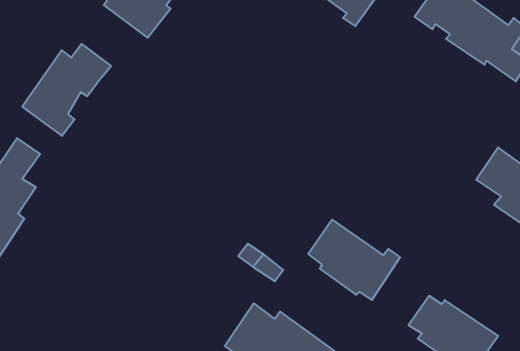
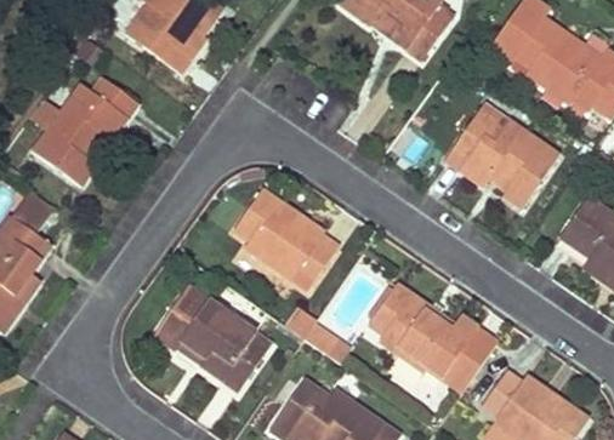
building: none -> [447,110,557,206]
building: none -> [234,192,336,285]
building: none -> [154,286,271,392]
building: none -> [440,326,495,389]

